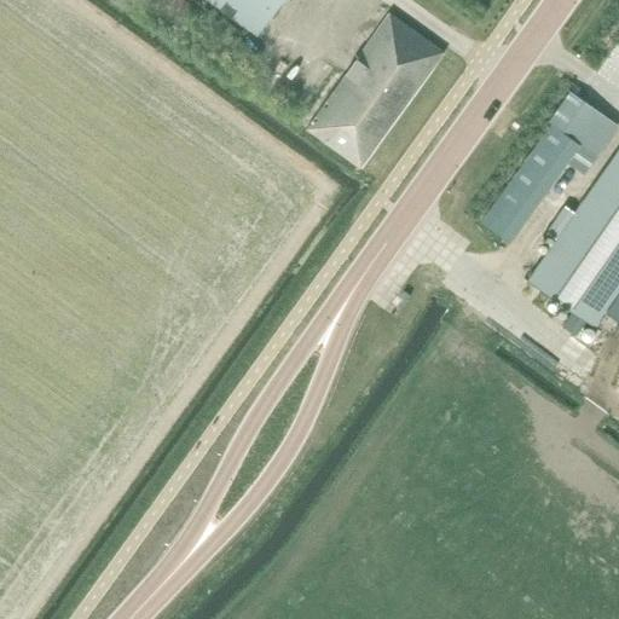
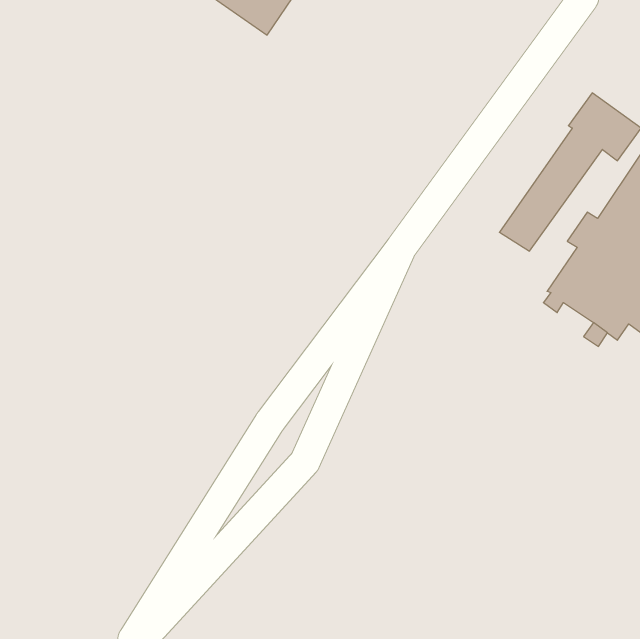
building: [308,12,445,167] -> none

